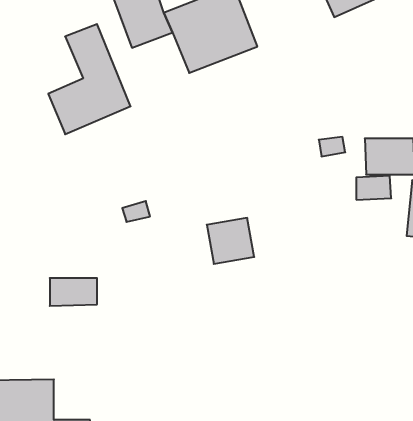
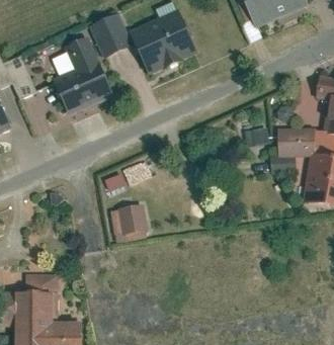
building: [207,218,254,264] -> [113,200,148,234]
building: [50,278,97,306] -> [24,275,59,295]

